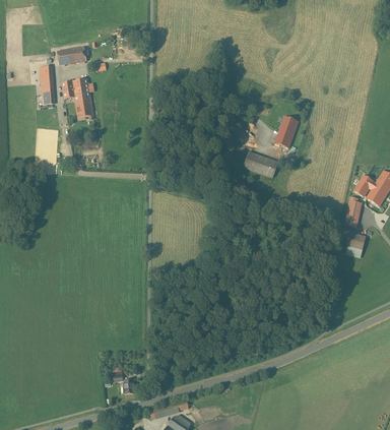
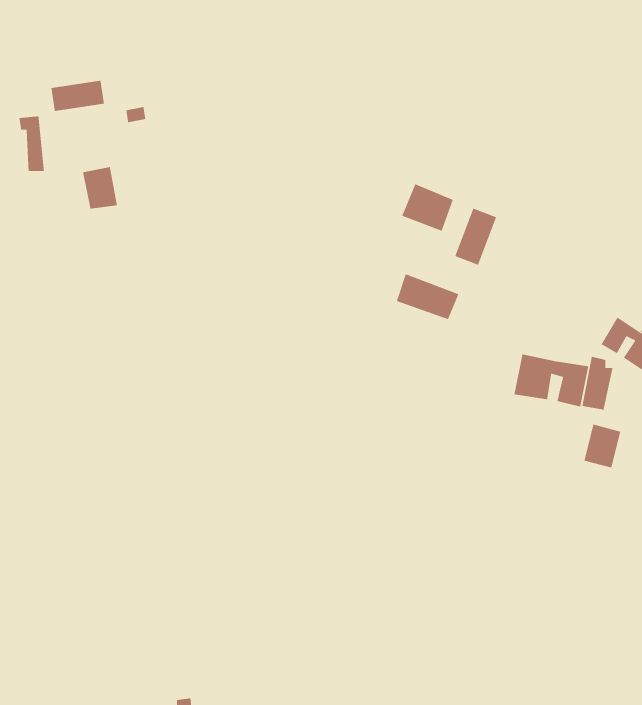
building: [62,78,89,98] -> none
building: none -> [401,183,454,232]
building: none -> [513,353,589,407]

